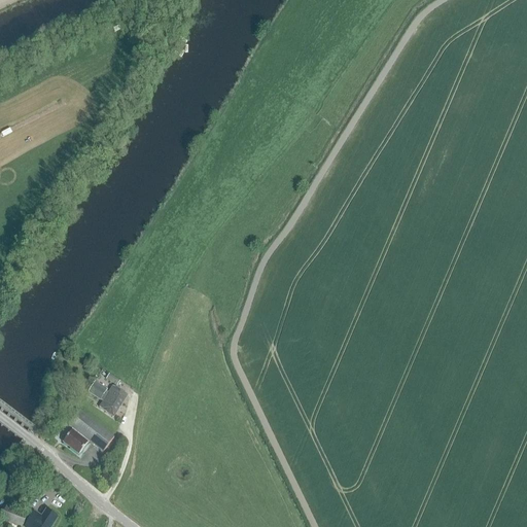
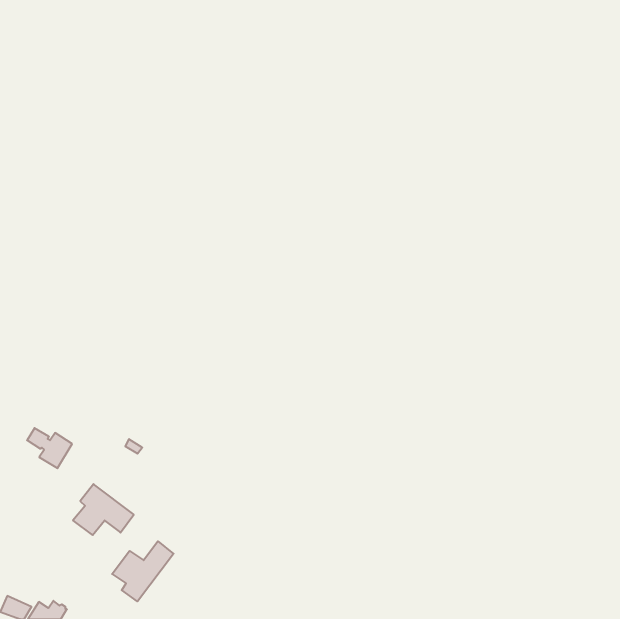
building: [90,381,128,415] -> [27,428,72,468]
building: none -> [112,541,174,601]

